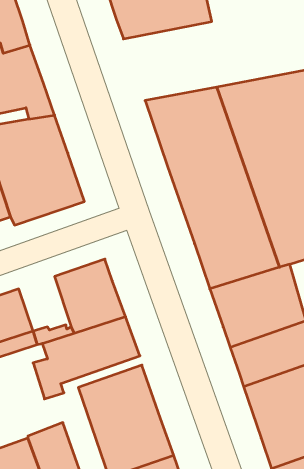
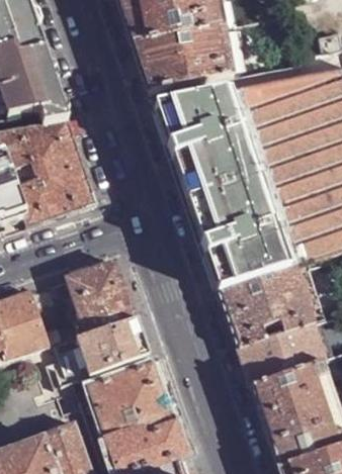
building: none -> [134,25,234,89]

